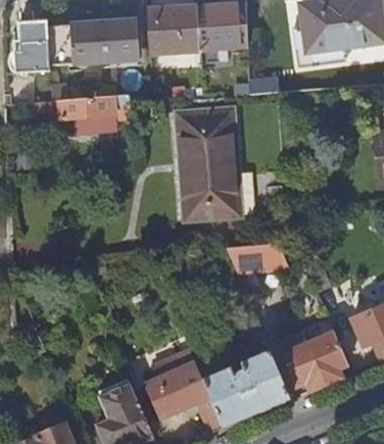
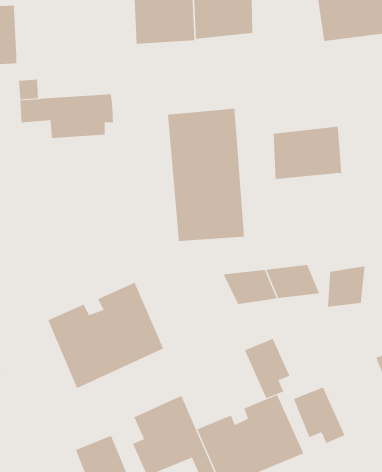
building: [47,21,137,64] -> none
building: none -> [273,126,342,180]
building: none -> [327,265,365,308]
building: none -> [48,282,164,389]
building: [307,333,346,384] -> [244,338,290,399]

